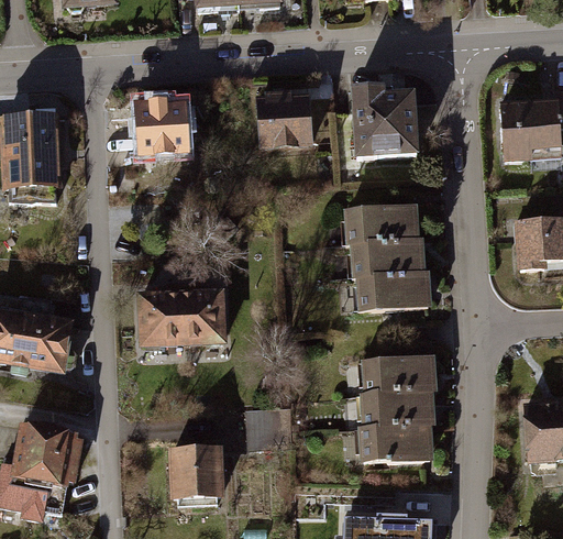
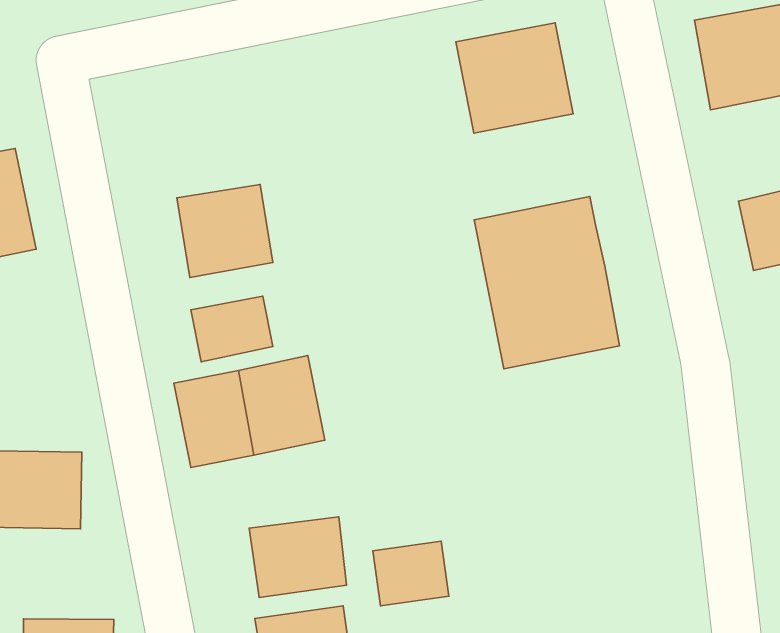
building: [251,96,307,146] -> none
building: [135,100,191,154] -> [177,184,273,278]
building: none -> [191,296,273,362]
building: [356,362,432,464] -> none
building: none -> [249,517,346,597]

